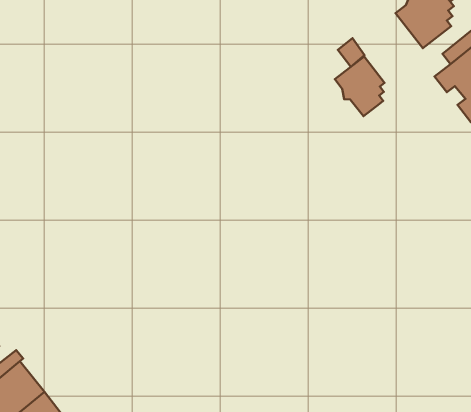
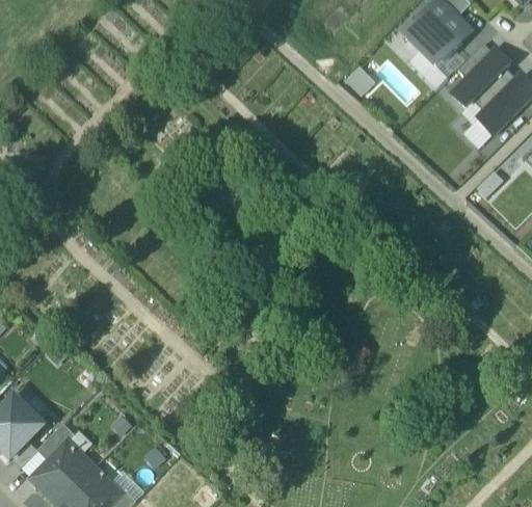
building: [335,57,385,116] -> none

